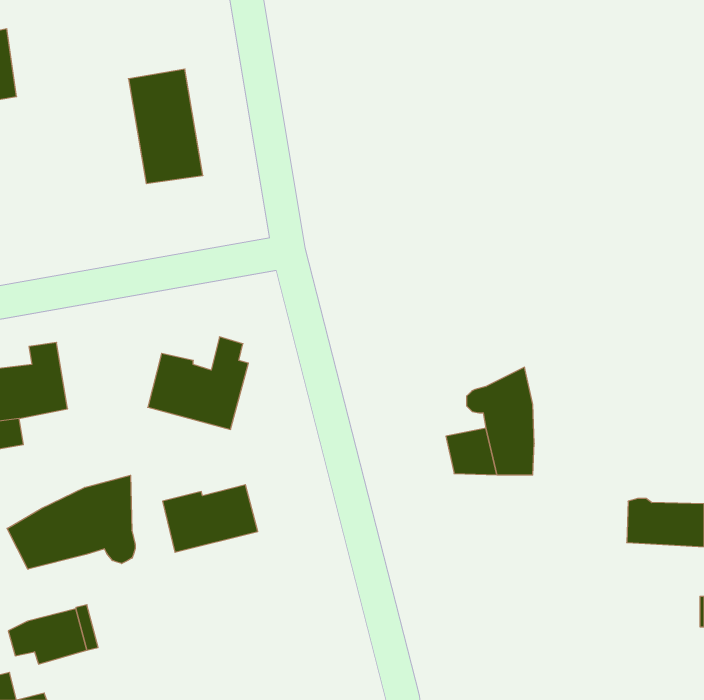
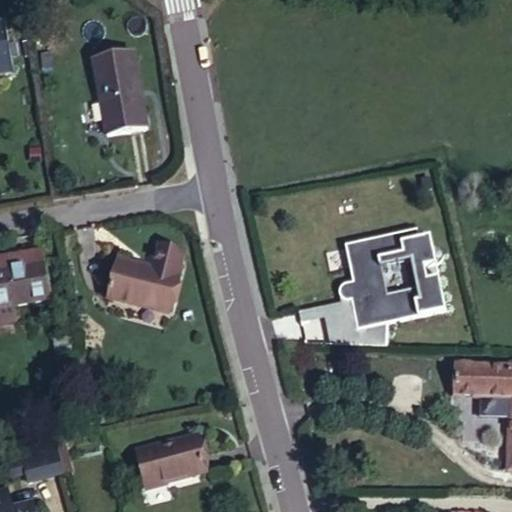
building: none -> [344,228,445,321]
building: [7,475,135,569] -> none
building: [163,485,258,552] -> [136,436,205,485]

